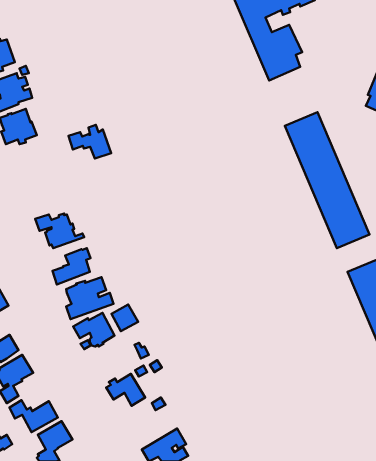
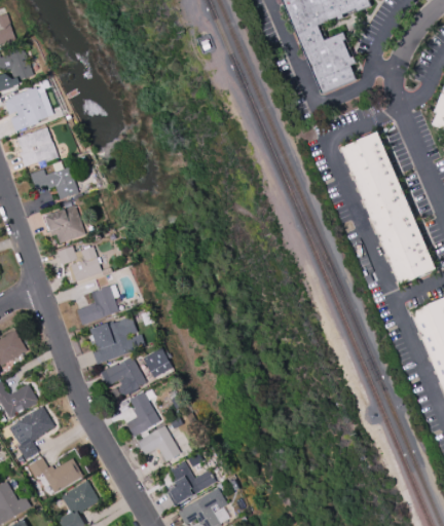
building: [68,125,111,159] -> [31,161,79,199]
building: none -> [46,205,86,243]
building: none -> [126,389,161,438]
building: none -> [168,461,217,508]

